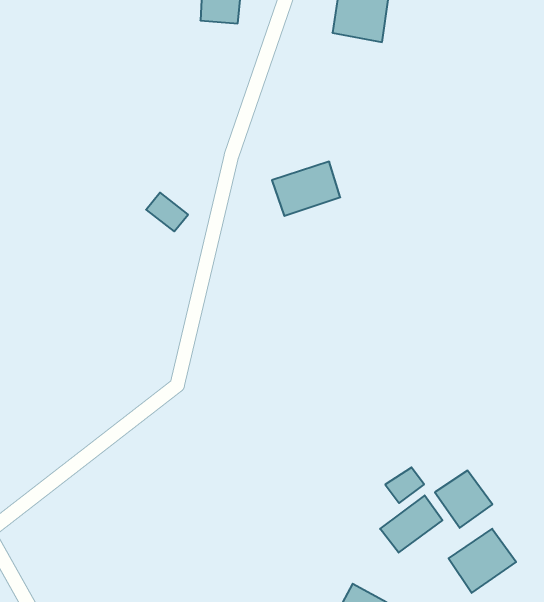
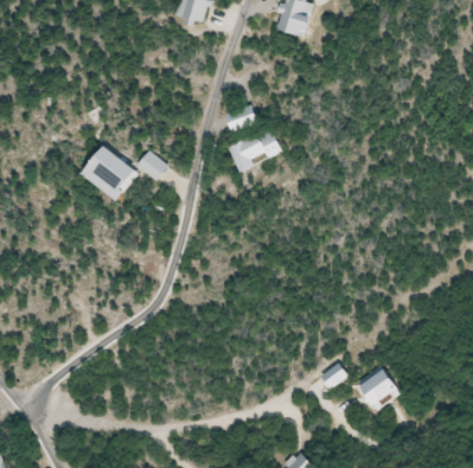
building: none -> [82,146,138,200]
building: [380,495,442,553] -> none
building: [449,529,516,593] -> none

